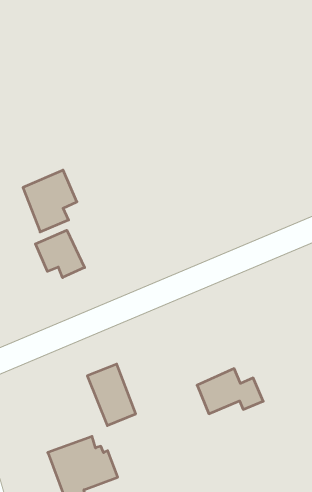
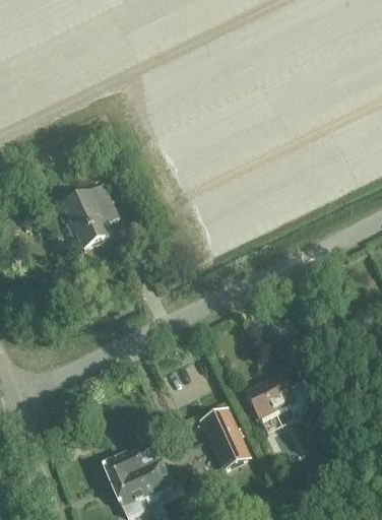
building: [35,230,85,278] -> none
building: [87,364,136,426] -> [200,407,250,468]

